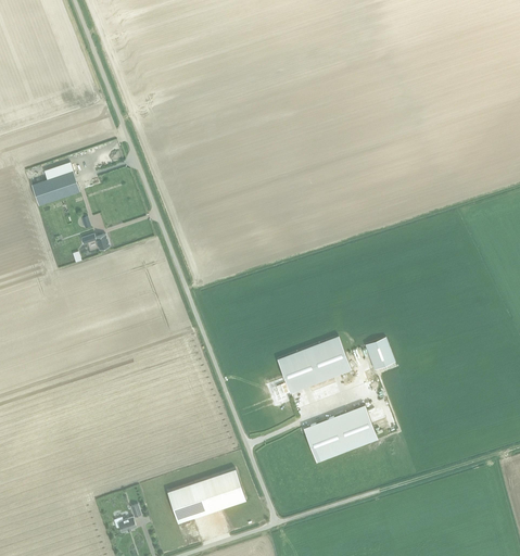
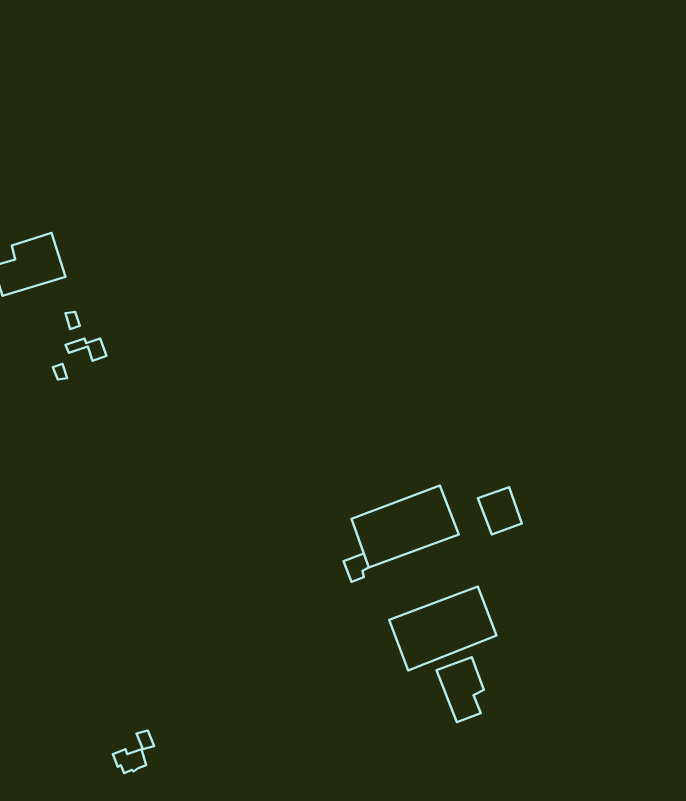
building: none -> [436,657,484,722]
building: [166,470,245,523] -> none

